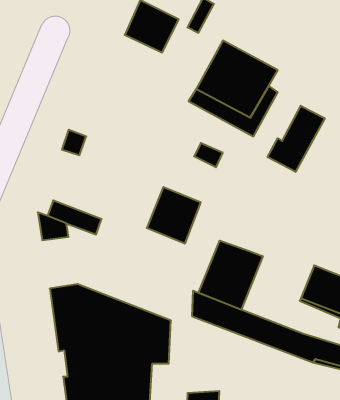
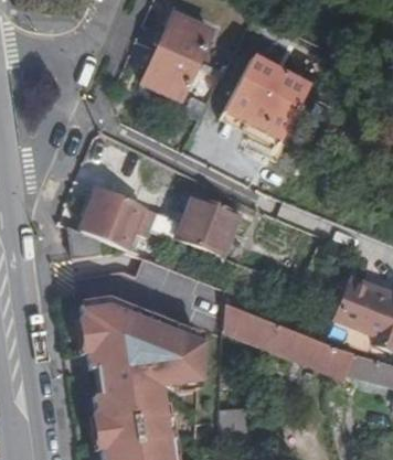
building: none -> [141,50,194,101]
building: [268,106,325,172] -> none
building: none -> [85,190,142,234]
building: [199,241,263,310] -> none

